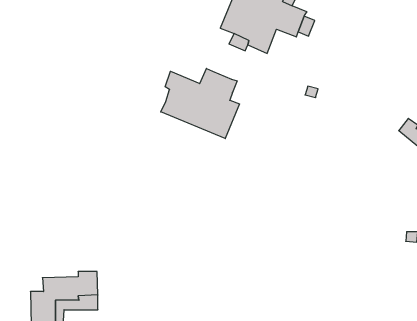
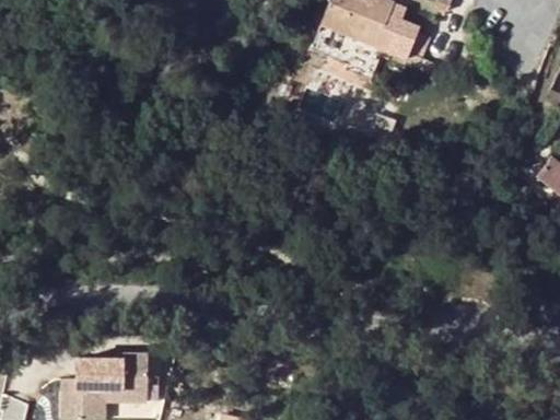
building: [161,68,239,139] -> none

